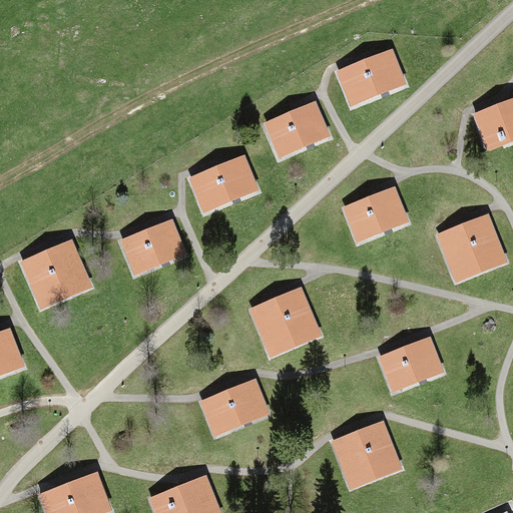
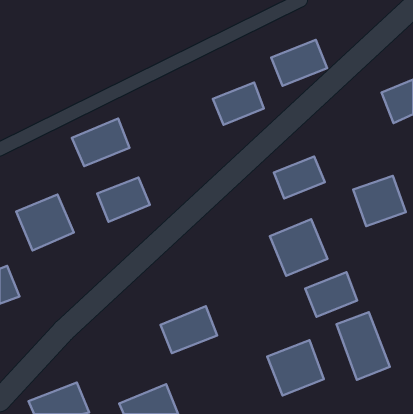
building: [187,154,259,213] -> [72,119,129,166]
building: [248,288,320,358] -> [270,219,327,276]
building: none -> [337,312,390,380]

